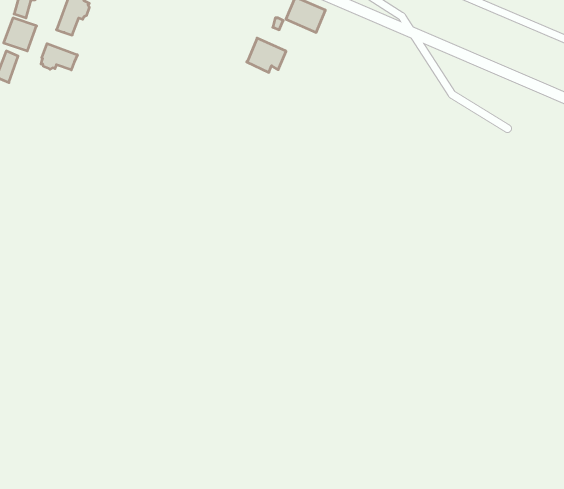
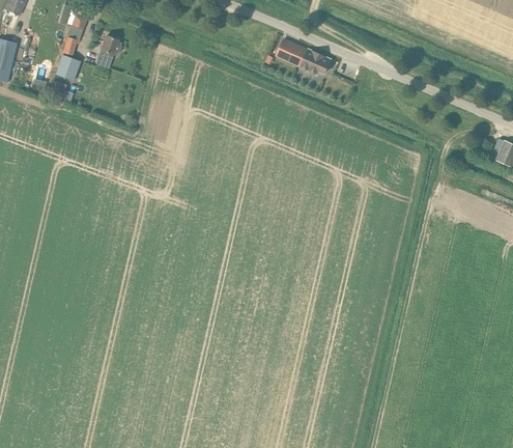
building: [247,38,286,72] -> [300,49,331,76]
building: [41,44,77,70] -> none

